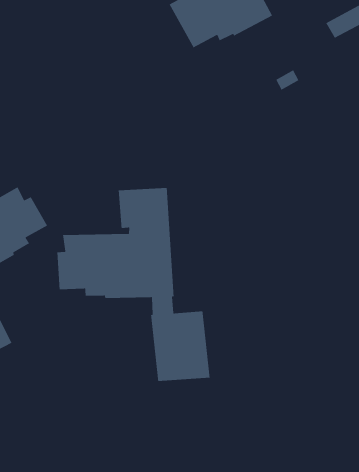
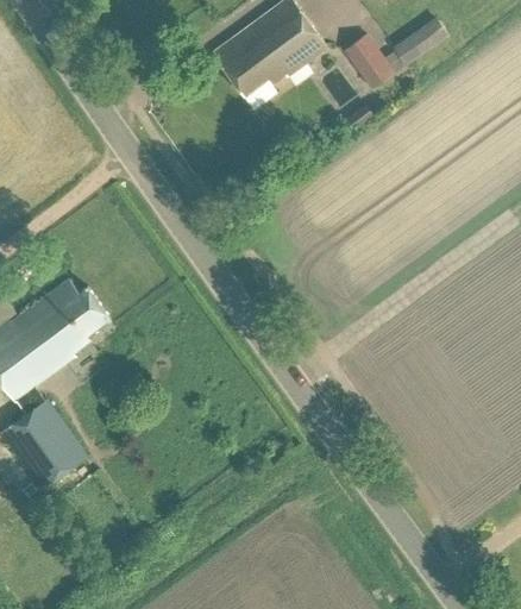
building: none -> [343,33,394,89]
building: [57,187,210,382] -> none

